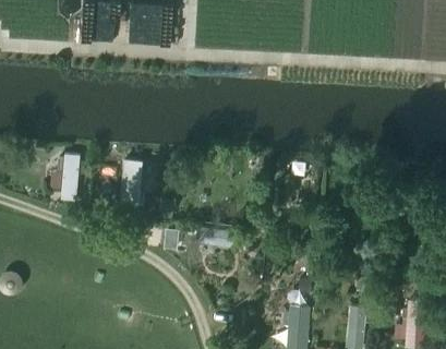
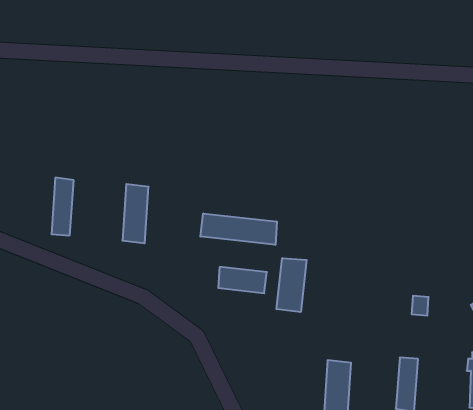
building: none -> [200,213,277,245]
building: none -> [277,258,307,312]

